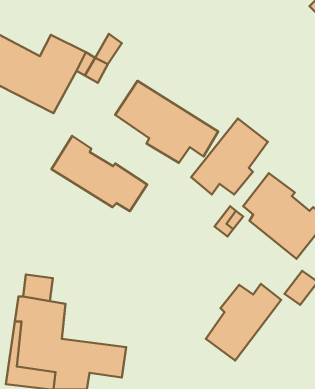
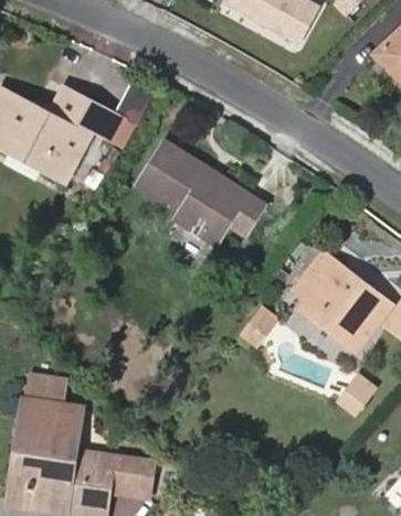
building: [191,119,268,194] -> none
building: [51,136,147,211] -> none
building: [206,284,281,360] -> none

